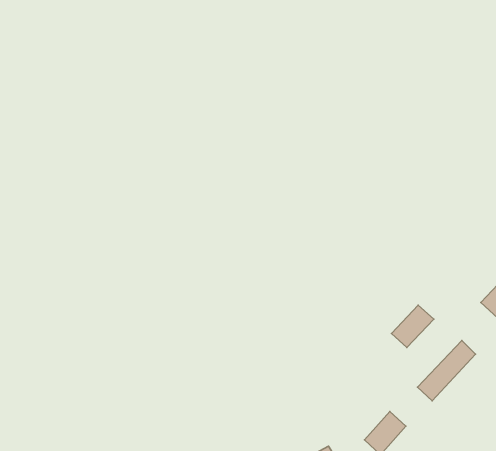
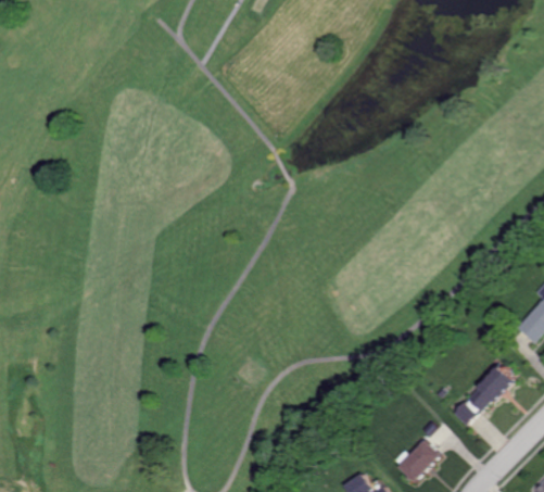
building: [391,305,434,347] -> none

